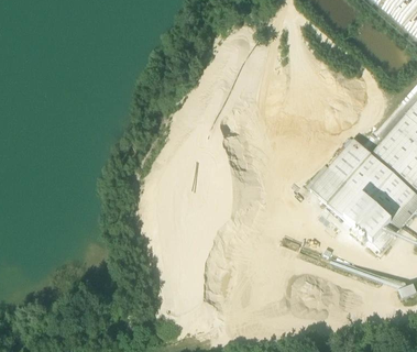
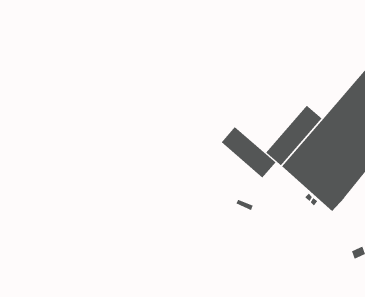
building: none -> [221,126,276,178]

